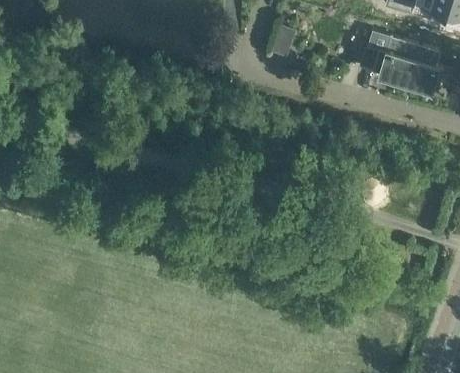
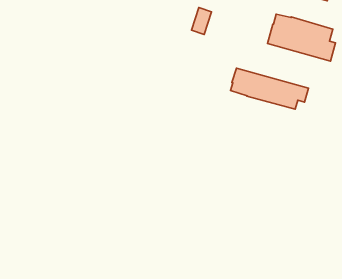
building: none -> [230,68,308,109]

